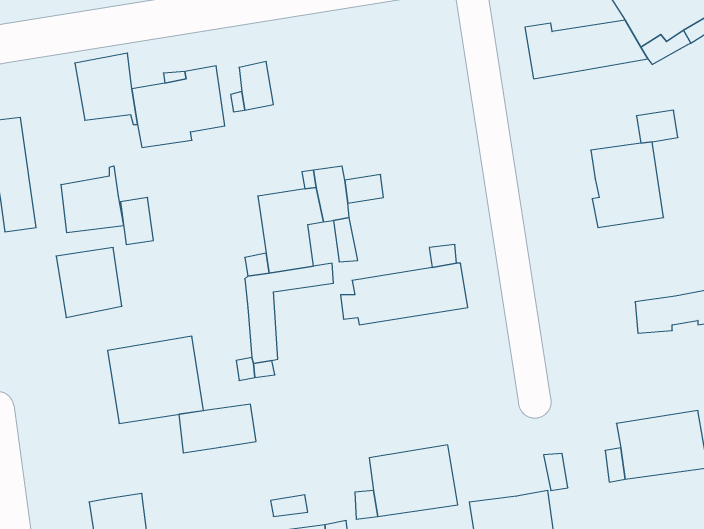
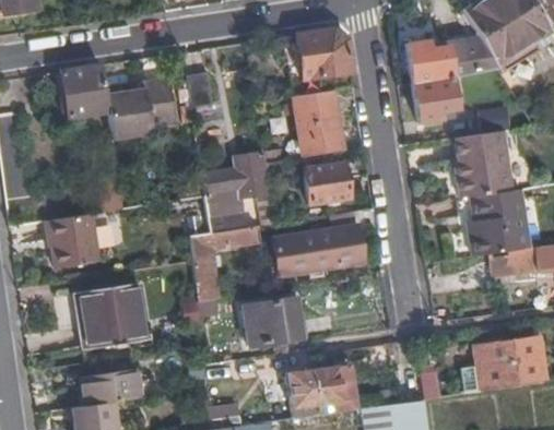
building: none -> [296,28,355,91]
building: none -> [412,77,453,122]
building: none -> [297,101,343,155]
building: [61,166,124,233] -> none
building: none -> [304,163,350,204]
building: none -> [458,190,520,256]
building: none -> [244,299,299,344]
building: [179,404,256,453] -> [81,368,140,405]

